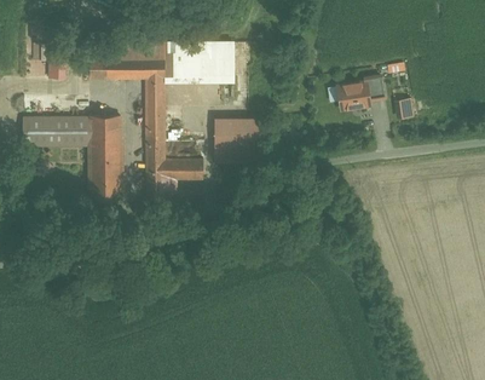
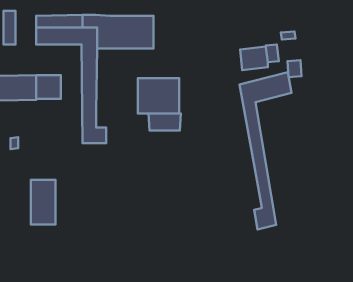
building: none -> [240,72,291,229]
building: [90,144,120,198] -> [31,180,56,224]
building: [163,159,203,179] -> [148,114,181,130]

